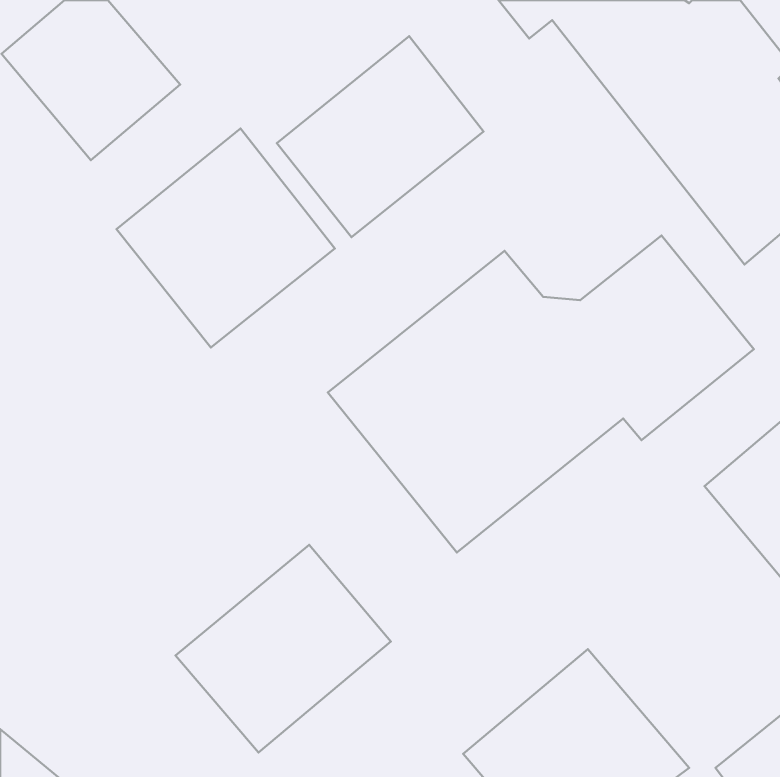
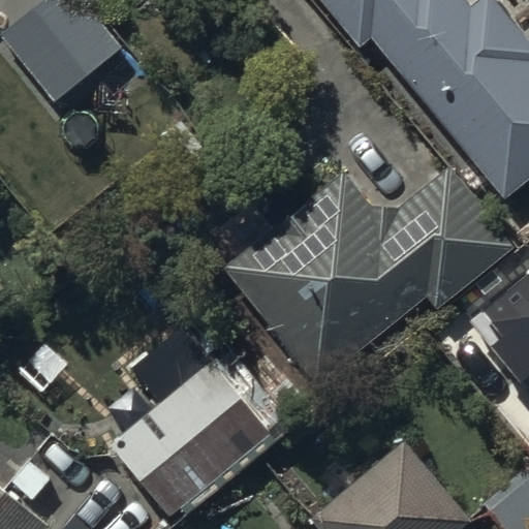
building: [277,36,483,237] -> none
building: [117,128,335,348] -> none

